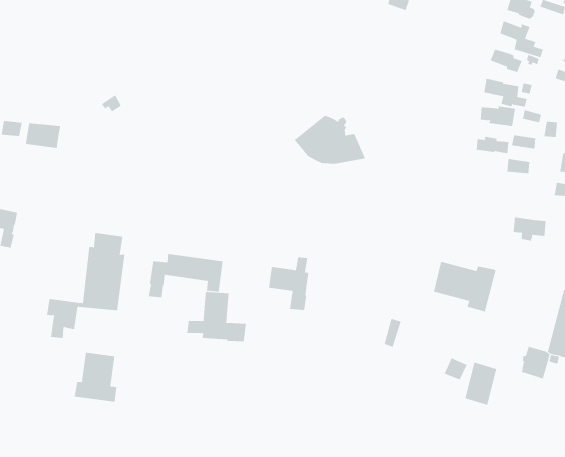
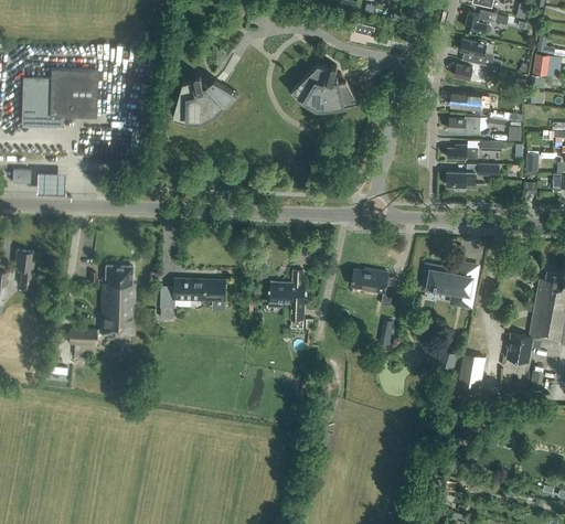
building: none -> [21,68,98,126]
building: none -> [172,74,236,121]
building: [294,115,366,164] -> [291,64,359,108]
building: [513,217,546,241] -> [447,171,477,192]
building: none -> [352,269,394,306]
building: [187,291,246,342] -> none
building: [74,352,117,402] -> none

